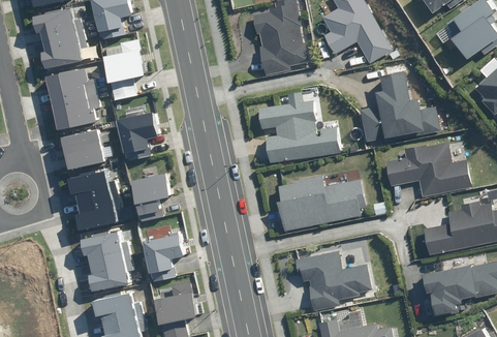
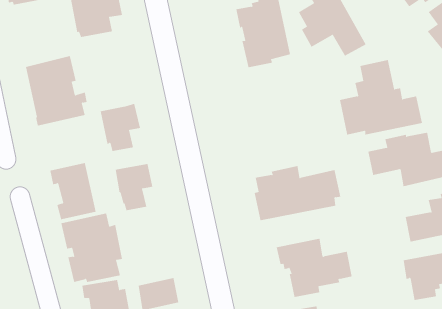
building: [29,9,85,69] -> none
building: [100,38,143,100] -> none
building: [254,92,337,163] -> none
building: [56,124,108,173] -> none
building: [143,232,184,272] -> none

